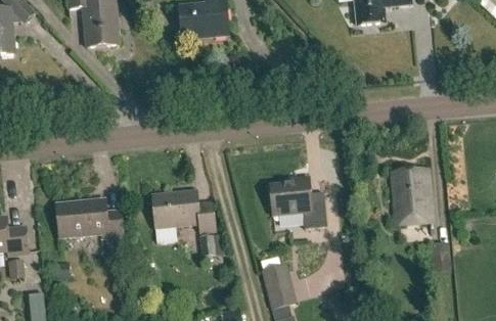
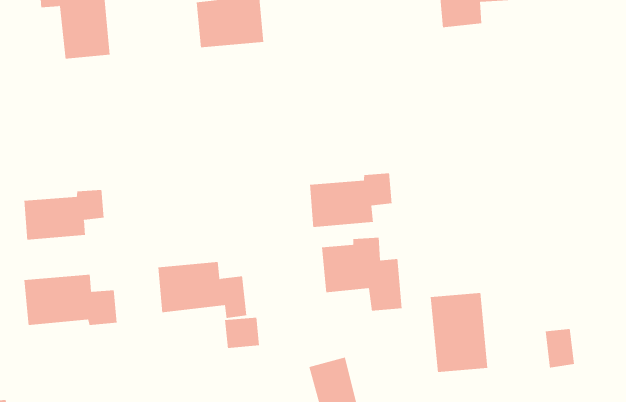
building: none -> [309,172,392,228]
building: none -> [24,189,104,241]
building: [390,167,432,224] -> [430,293,488,372]

